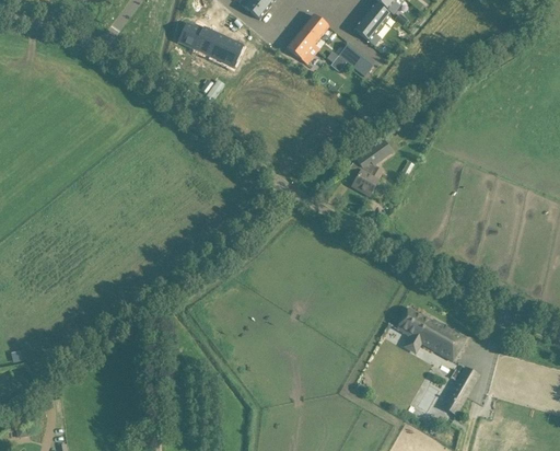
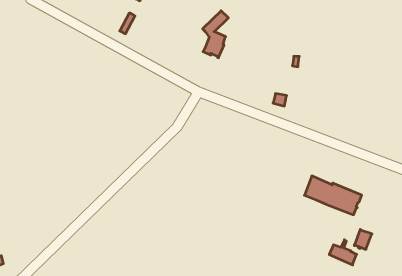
building: [352,139,388,195] -> [203,11,228,58]

